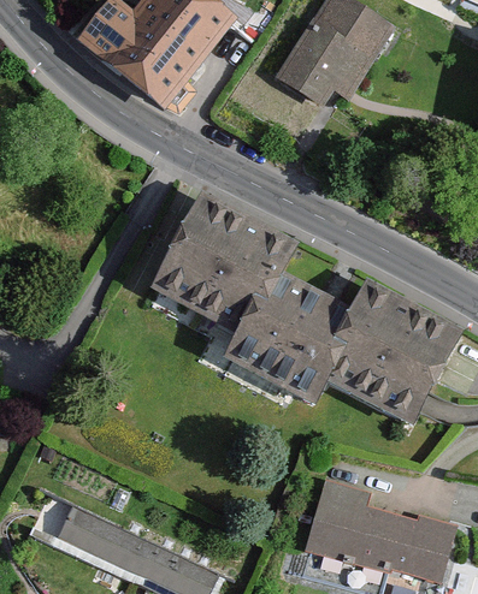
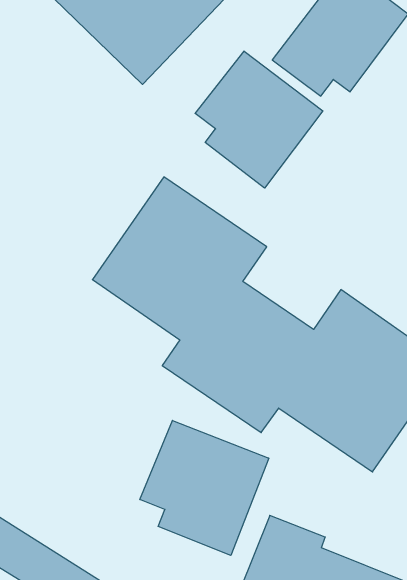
building: none -> [195,51,323,188]
building: none -> [140,420,269,555]

